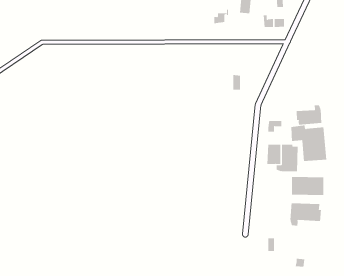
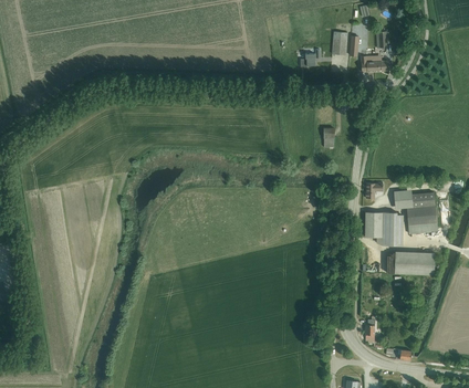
building: [296,105,322,125] -> none
building: [290,203,321,226] -> none

